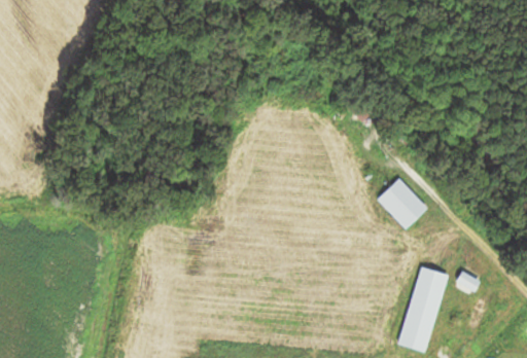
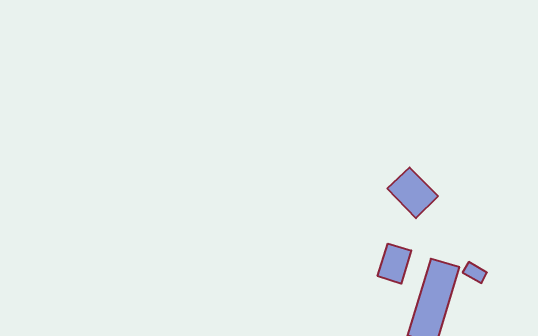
building: none -> [378,244,411,284]

